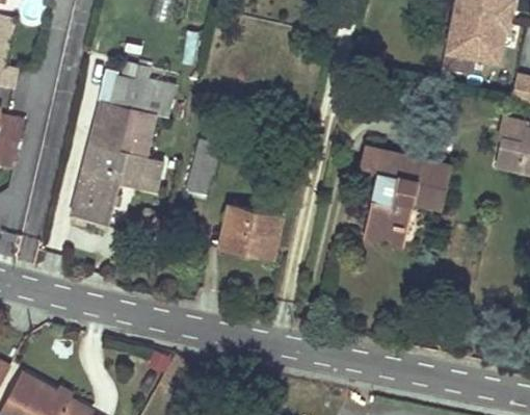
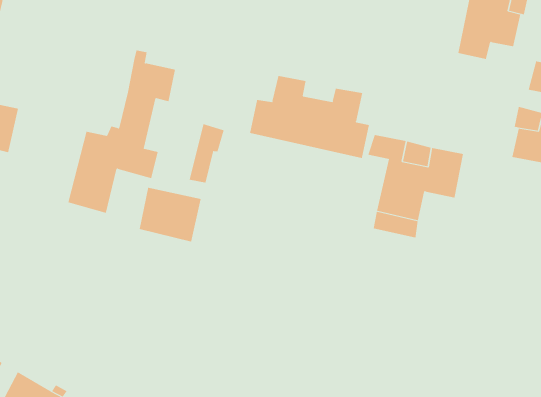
building: [87,58,135,148] -> none
building: none -> [249,75,369,159]
building: [219,205,280,258] -> [139,187,202,242]

